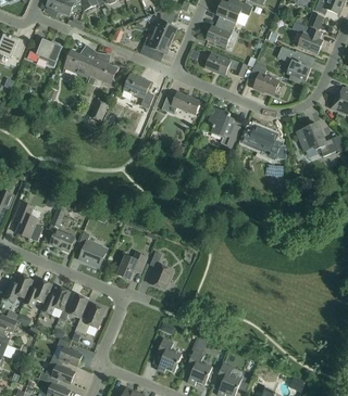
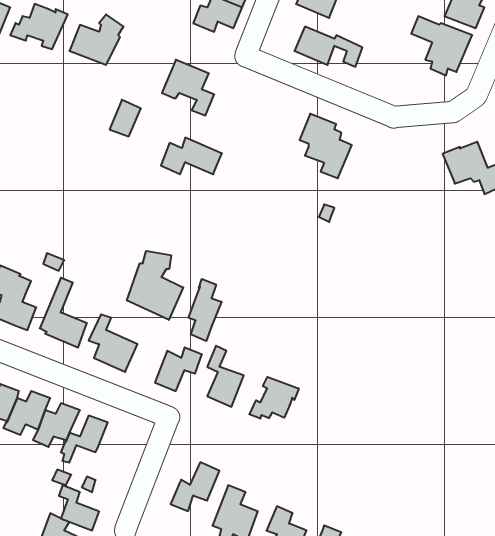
building: [88,52,120,84] -> none
building: [250,64,279,94] -> none
building: [162,91,200,114] -> [161,138,222,174]
building: [241,125,286,158] -> none
building: none -> [127,251,183,320]
building: none -> [189,279,222,341]
building: none -> [249,377,299,419]
building: [75,304,105,334] -> [171,462,219,511]

